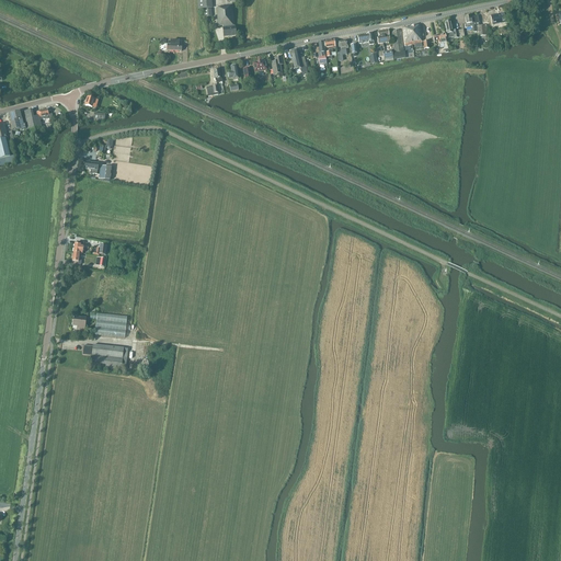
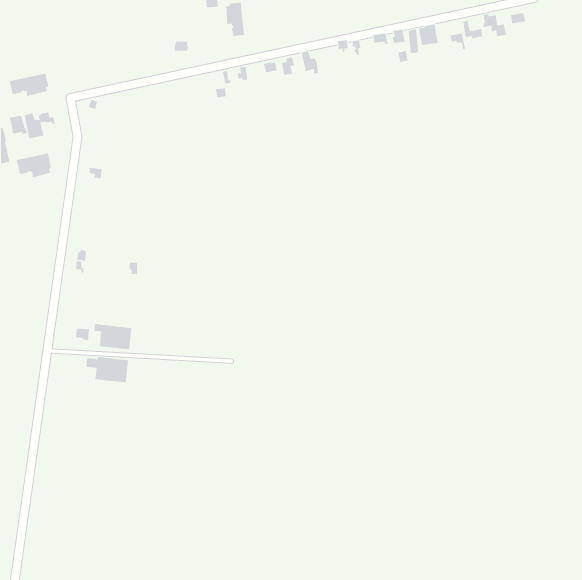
building: none -> [9,73,49,97]
building: none -> [16,153,52,178]

